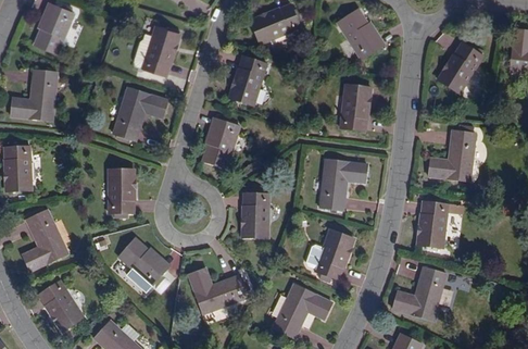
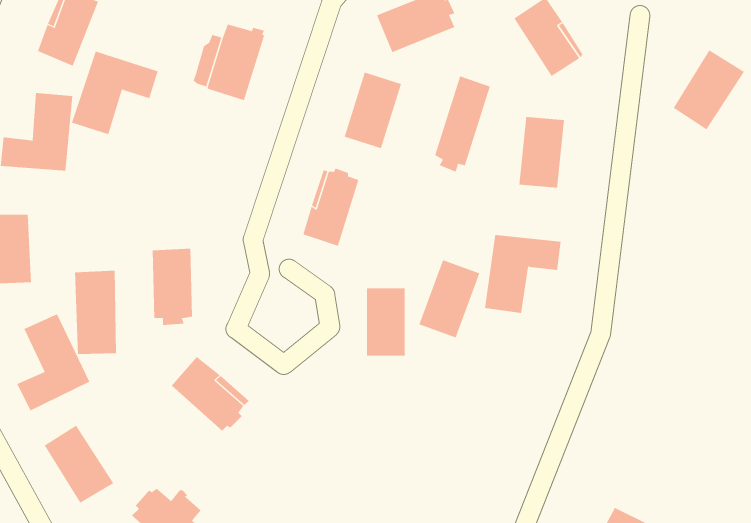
building: none -> [435,75,490,172]
building: [112,87,167,140] -> [71,51,159,135]
building: [428,130,475,182] -> none
building: none -> [75,270,116,355]
building: [417,199,448,248] -> none
building: [314,229,353,279] -> [418,259,480,338]
building: [188,267,249,314] -> none
building: [392,267,445,320] -> none
building: [273,284,331,338] -> none

